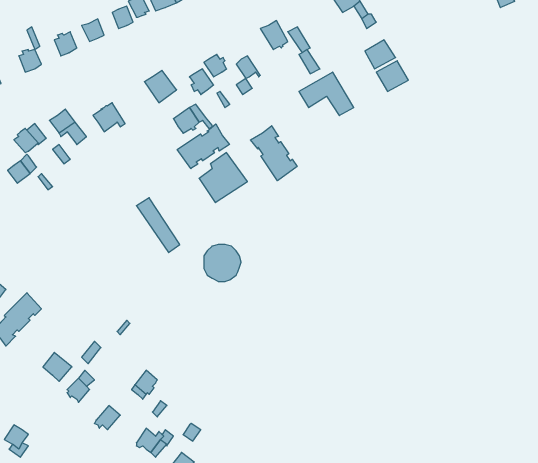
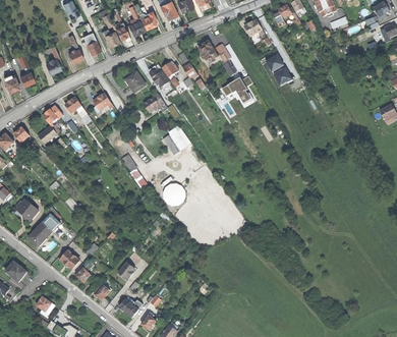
building: [177,124,229,169] -> none
building: [250,126,297,181] -> none

